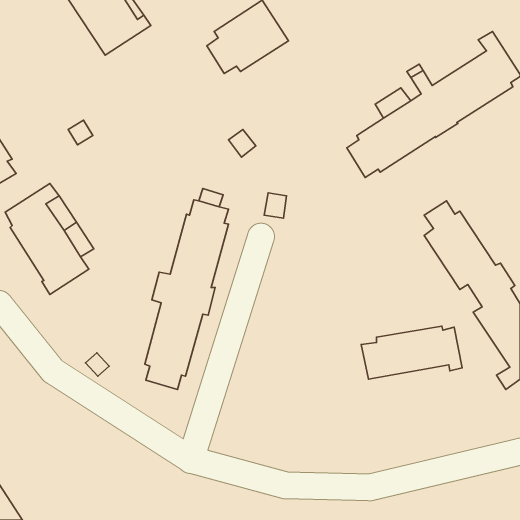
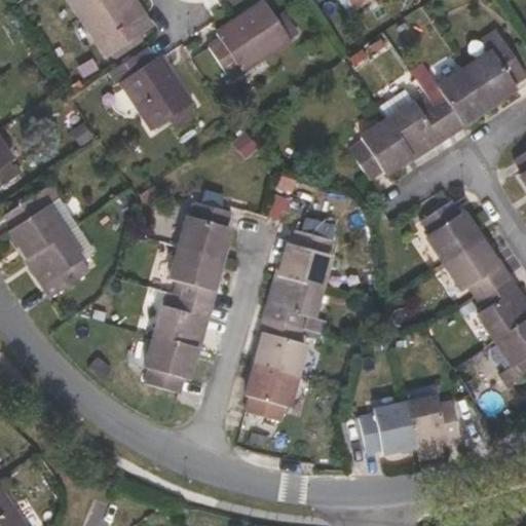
building: none -> [109,48,196,128]
building: none -> [246,229,331,420]
building: [361,326,462,379] -> [359,398,460,451]

